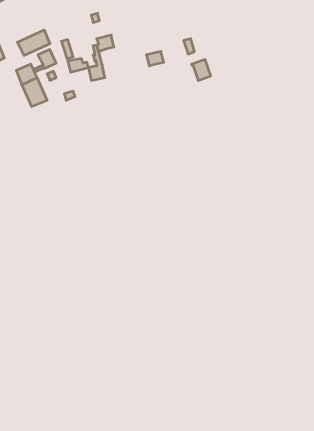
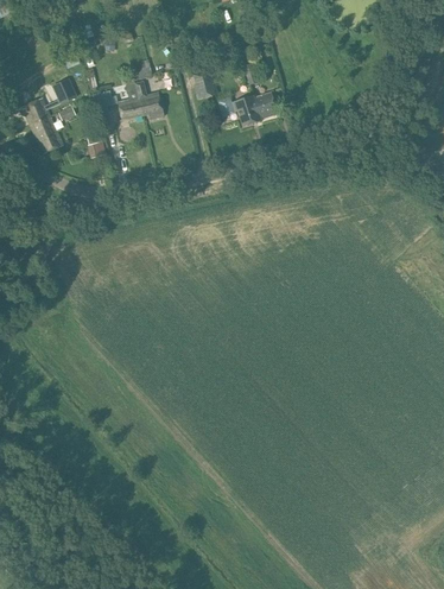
building: [17,30,50,55] -> none
building: none -> [133,82,165,118]
building: none -> [233,95,262,126]

